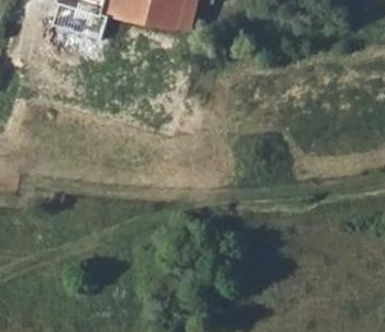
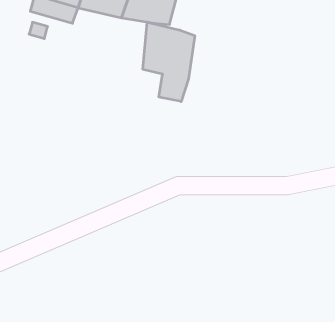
building: none -> [143,22,195,102]

